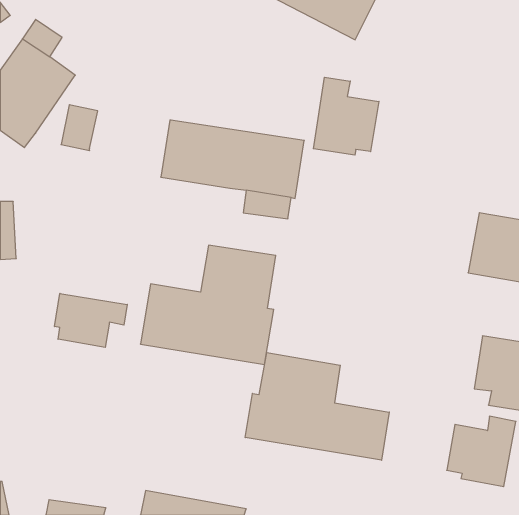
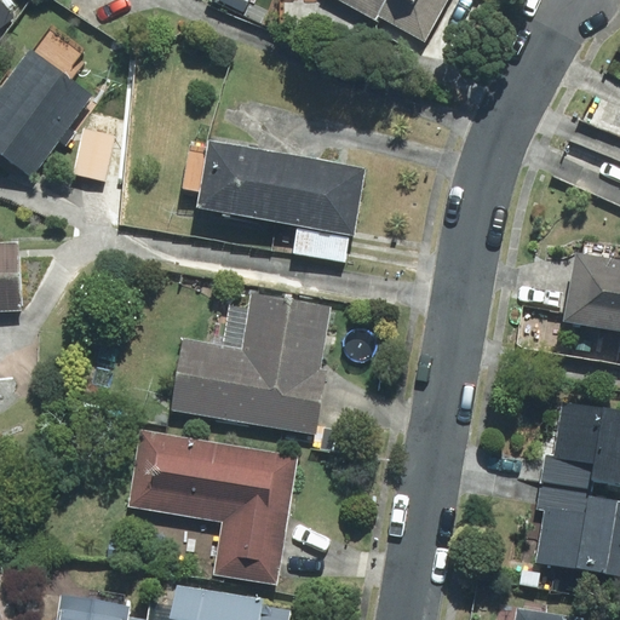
building: [313,77,379,155] -> none
building: [55,293,127,347] -> none
building: [245,352,389,460] -> none
building: none -> [126,427,298,584]

